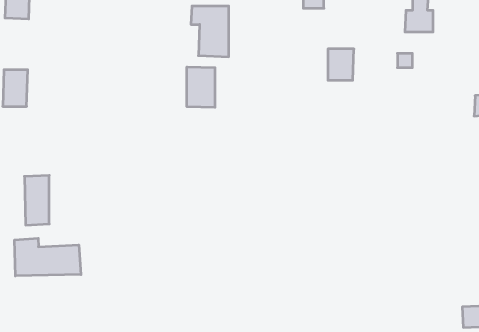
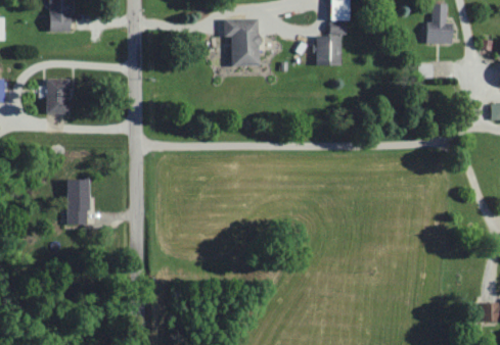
building: [328,49,354,80] -> [317,36,342,65]
building: [187,67,215,107] -> none
building: [15,238,81,276] -> none

